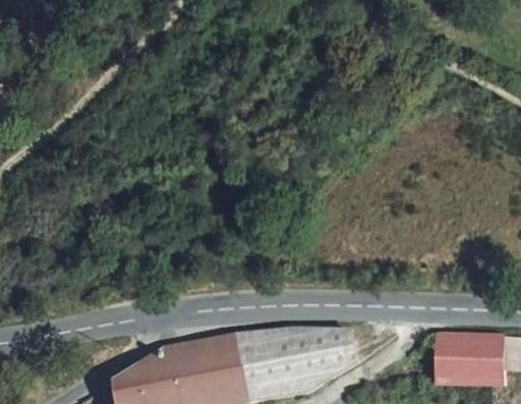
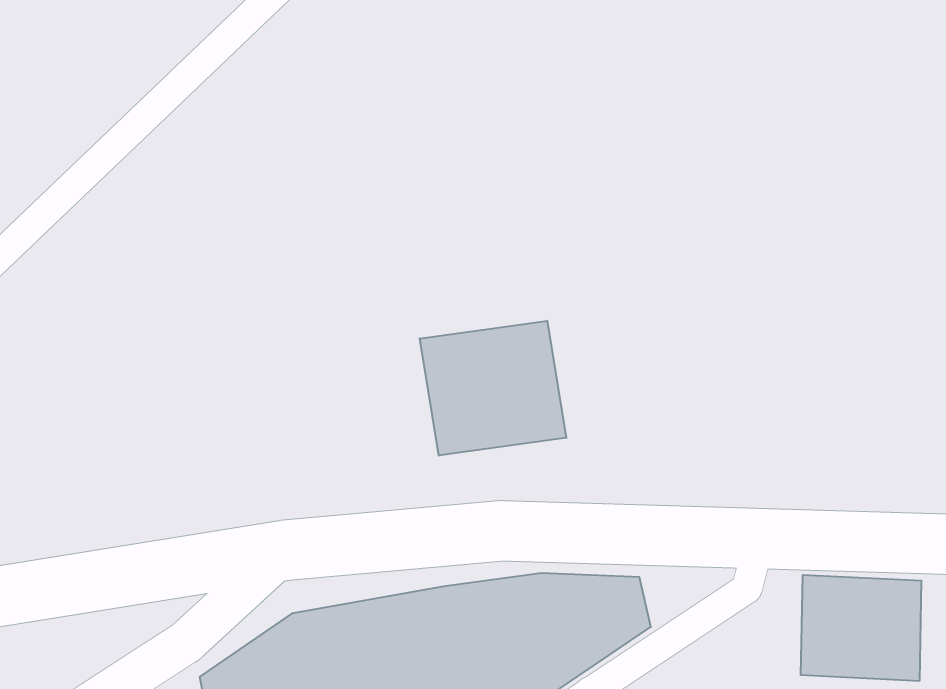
building: none -> [420,321,566,456]

